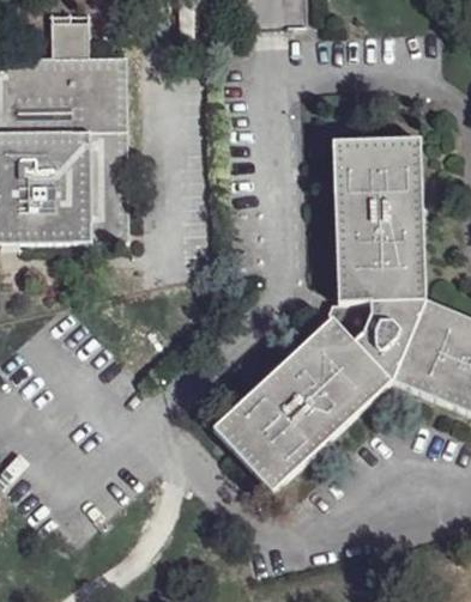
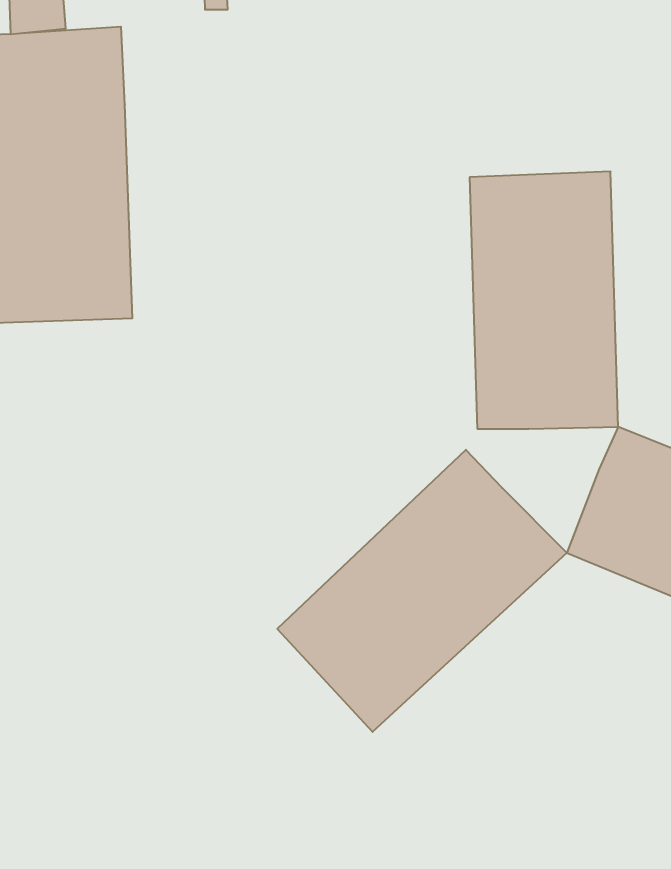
building: [355,300,428,379] -> none

